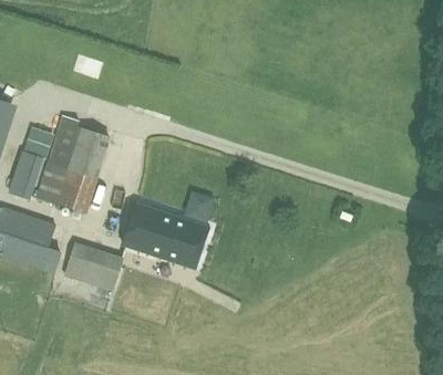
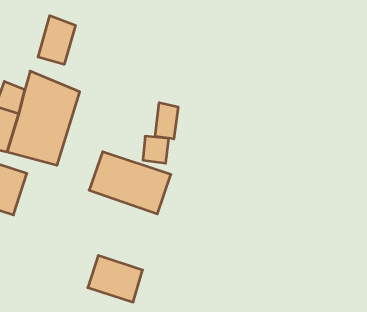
building: none -> [38,16,75,64]
building: none -> [155,103,178,139]
building: [63,239,122,289] -> [88,256,143,302]

